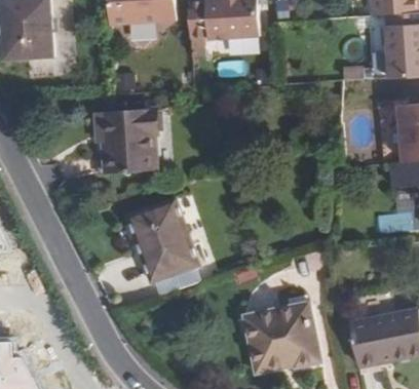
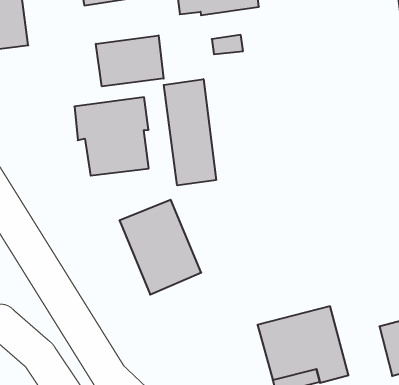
building: none -> [96,35,164,86]
building: none -> [164,79,216,185]

